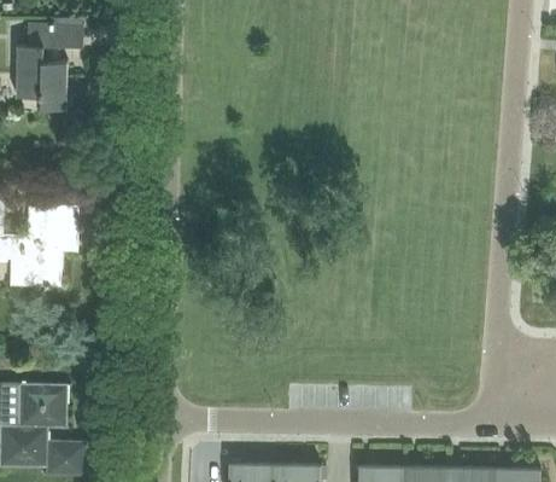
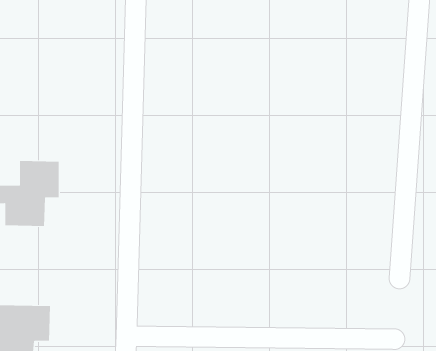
building: [16,24,83,109] -> none

